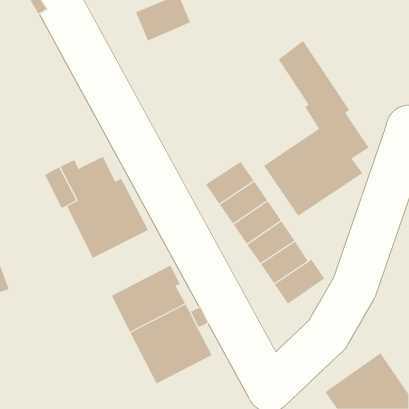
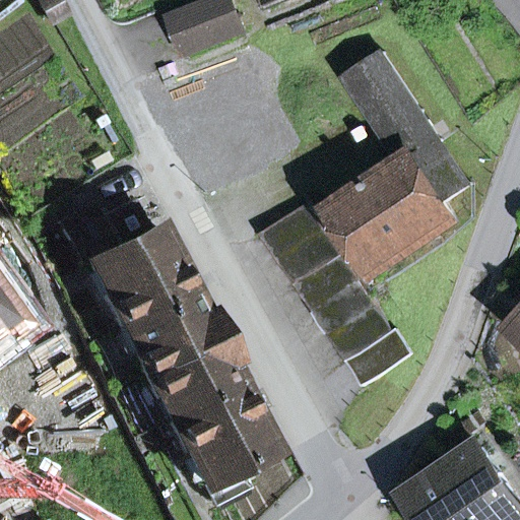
building: none -> [117,290,215,373]

